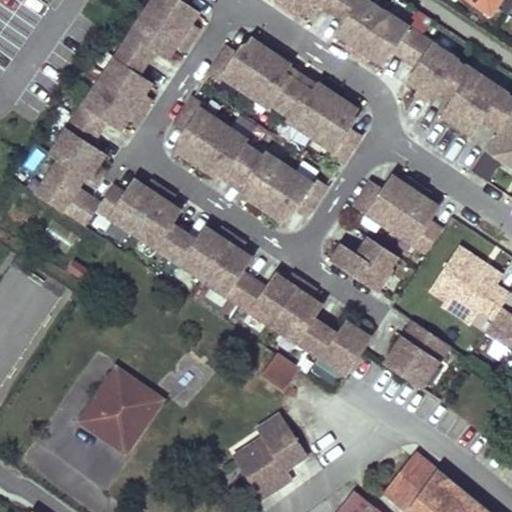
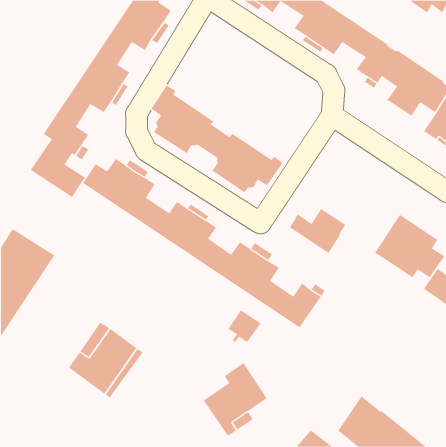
building: [207,37,360,161] -> none
building: [355,174,442,251] -> none
building: [385,320,449,387] -> none

